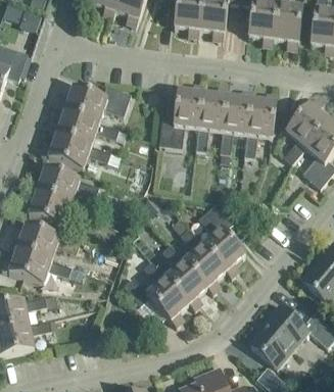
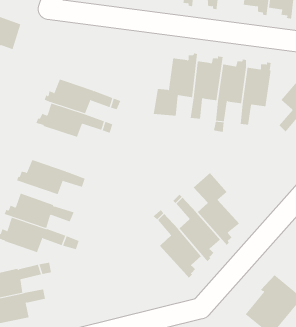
building: [57,85,131,121] -> none
building: [30,166,99,202] -> none
building: [124,260,189,326] -> none

